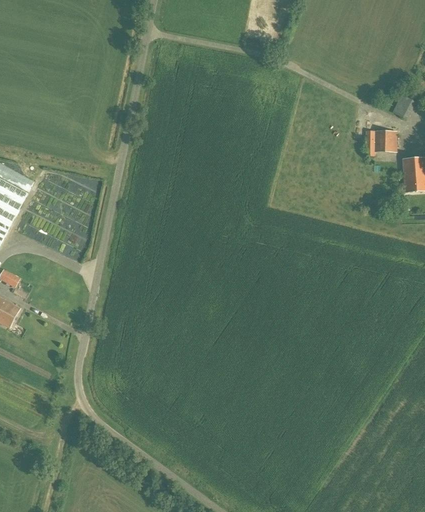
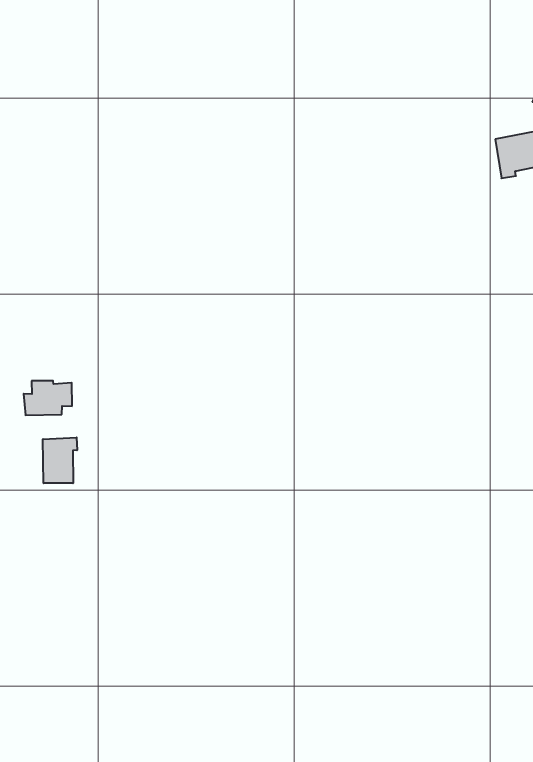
building: none -> [43,437,77,483]

